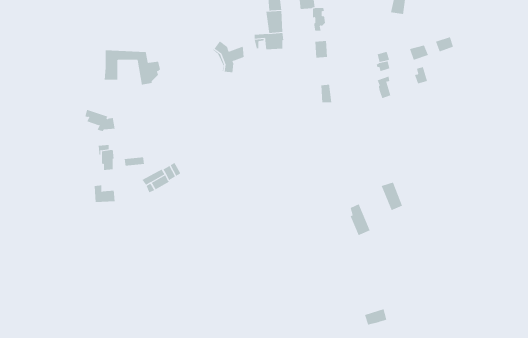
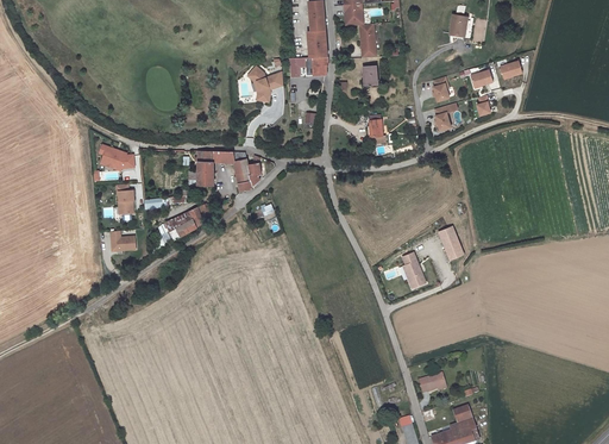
building: [104,50,161,85] -> [195,151,260,192]

